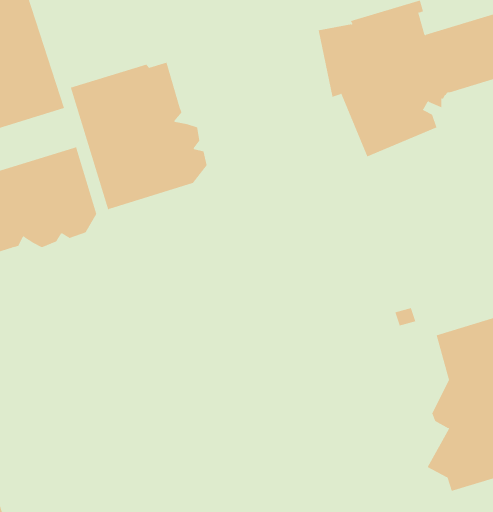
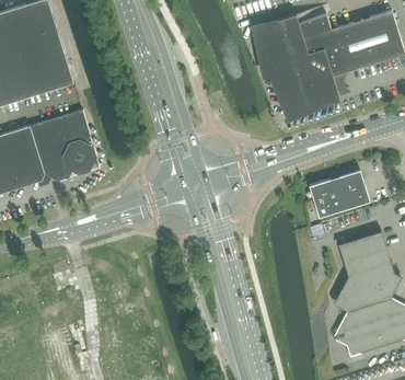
building: [70,62,207,210] -> none
building: none -> [309,171,369,218]

